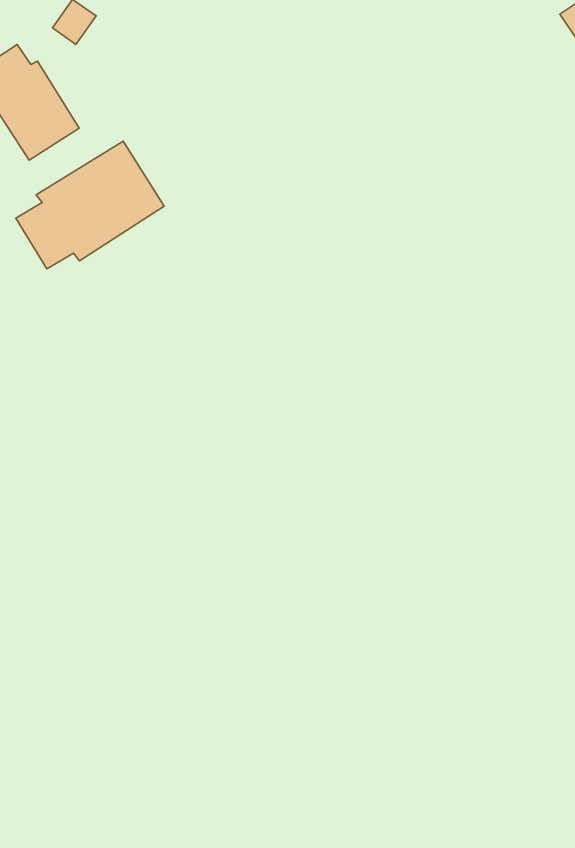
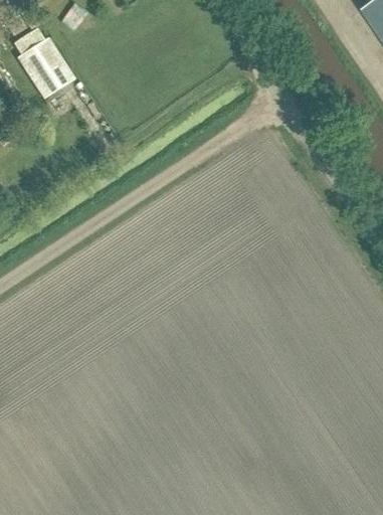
building: [16,141,164,269] -> none

